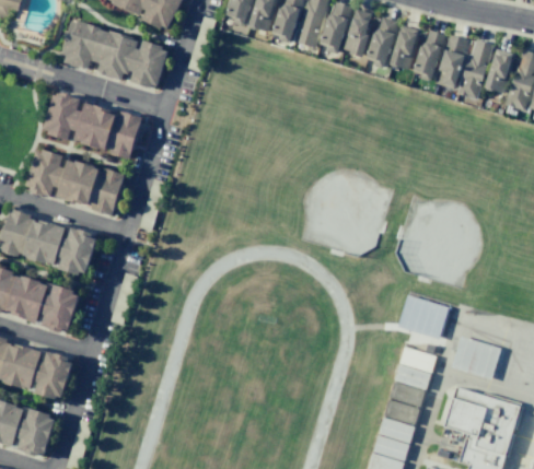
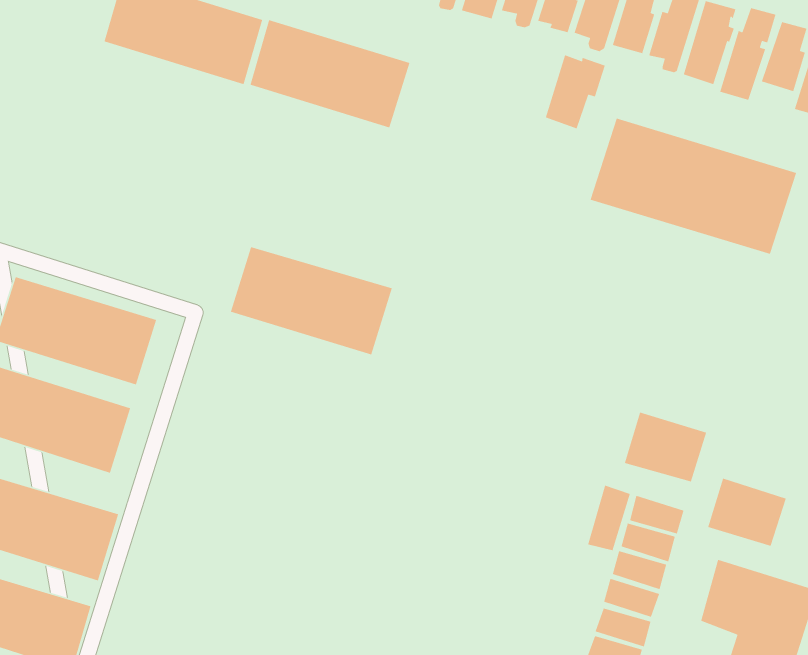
building: none -> [545,54,606,129]
building: [46,92,148,161] -> [249,19,411,128]
building: none -> [590,118,797,255]
building: [27,149,130,218] -> [230,246,393,355]
building: none -> [587,485,631,551]

